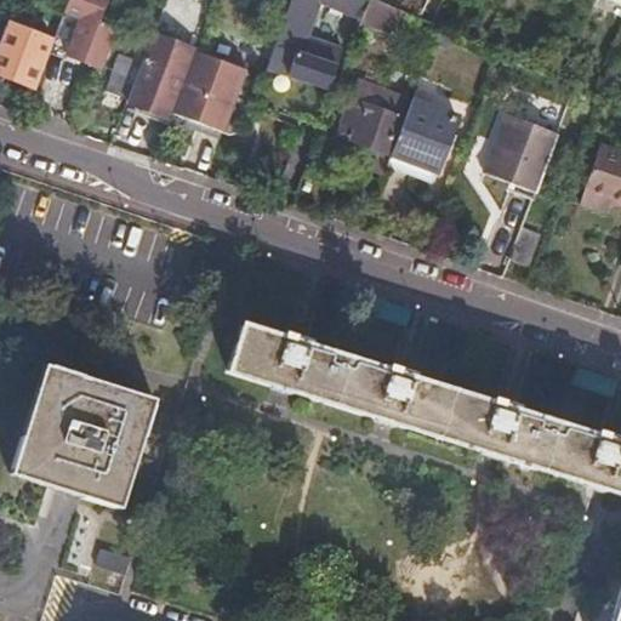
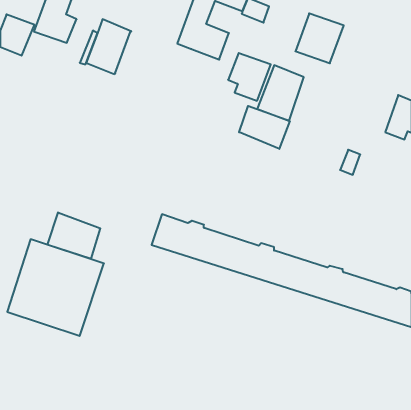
building: [175,47,250,130] -> none
building: [486,114,559,189] -> [295,13,344,63]
building: none -> [239,106,290,149]
building: none -> [47,212,100,259]

